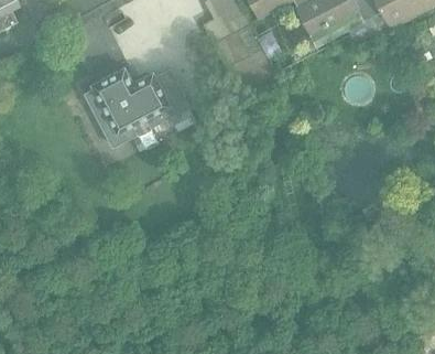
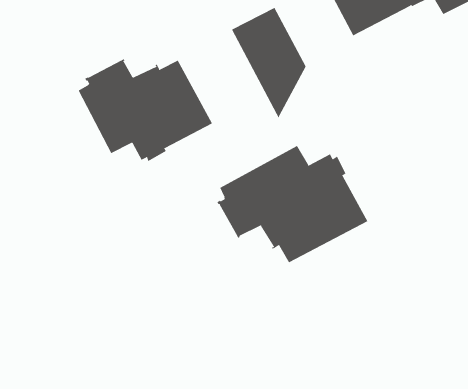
building: none -> [217,145,368,263]

